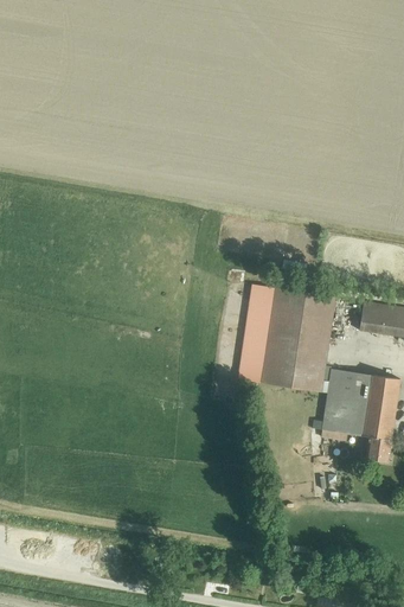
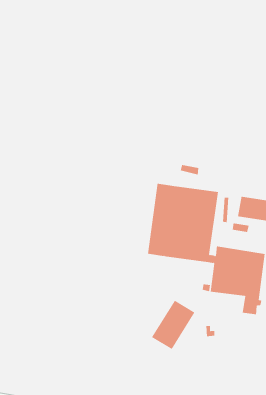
building: none -> [151,300,195,350]

